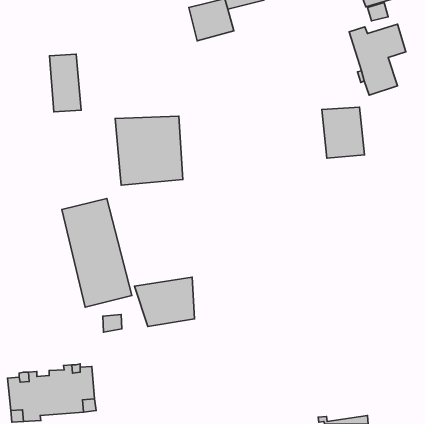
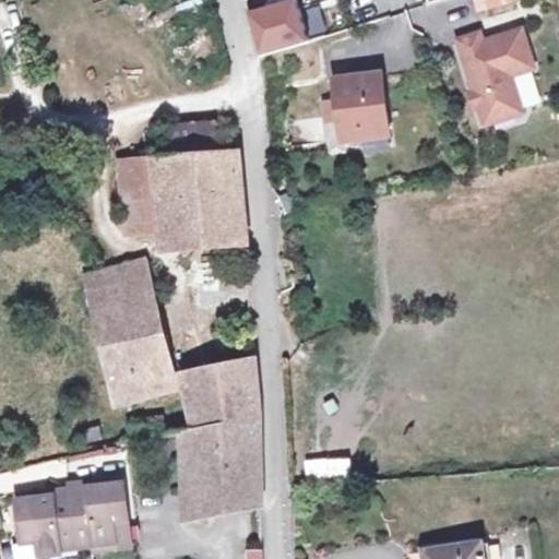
building: [50,54,81,112] -> [118,155,159,230]
building: [322,107,365,158] -> [333,75,389,142]
building: none -> [181,417,261,514]

